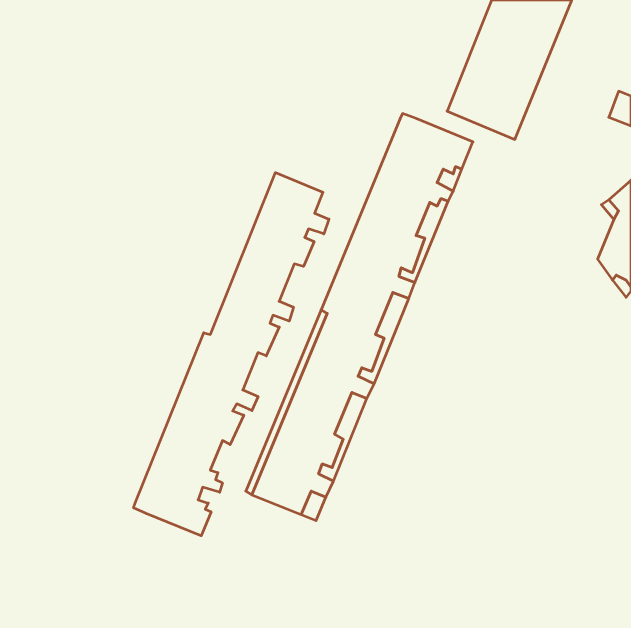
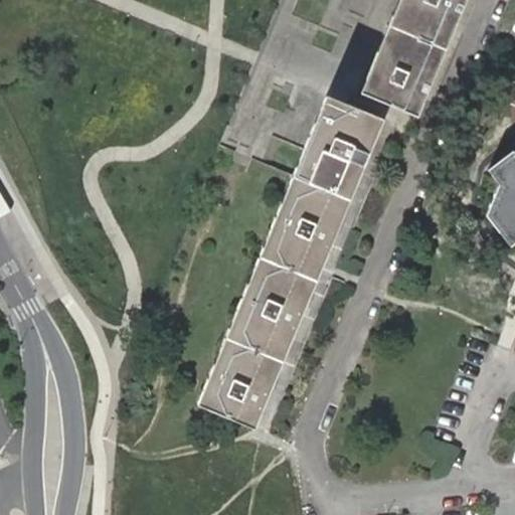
building: [134,173,329,536] -> none

